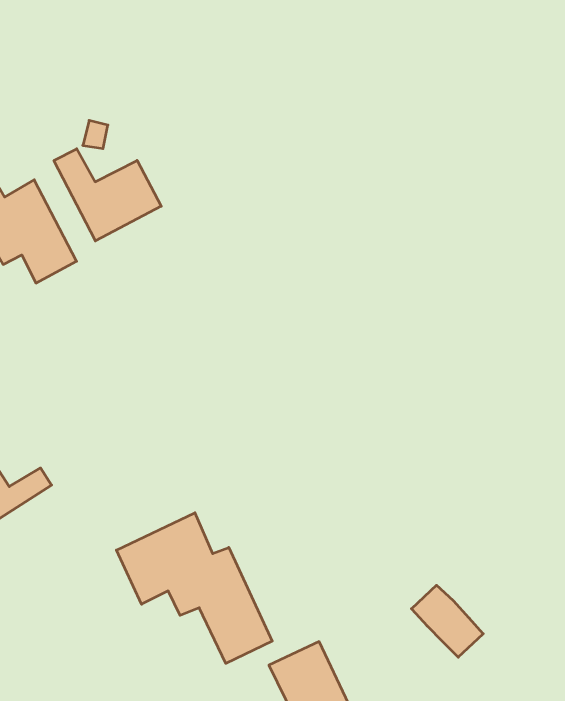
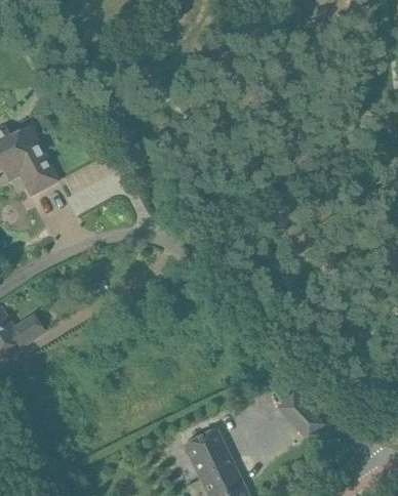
building: [54,149,161,241] -> none
building: [116,513,272,663] -> none

